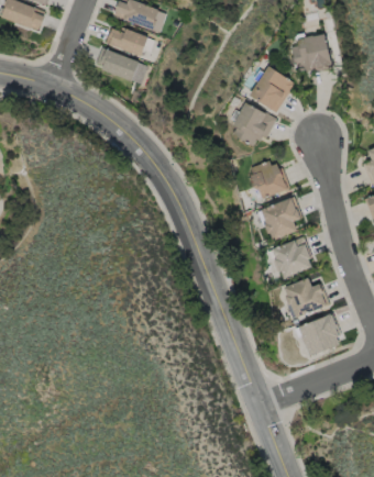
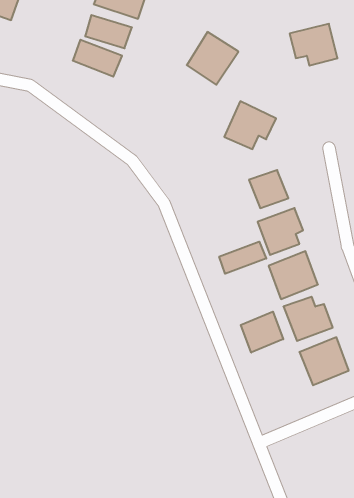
building: [249,66,295,113] -> [187,32,238,85]
building: none -> [219,242,266,274]
building: none -> [241,312,283,353]

